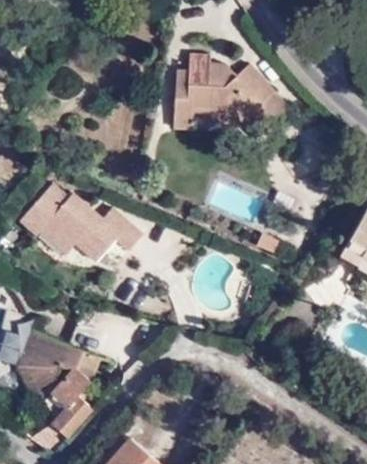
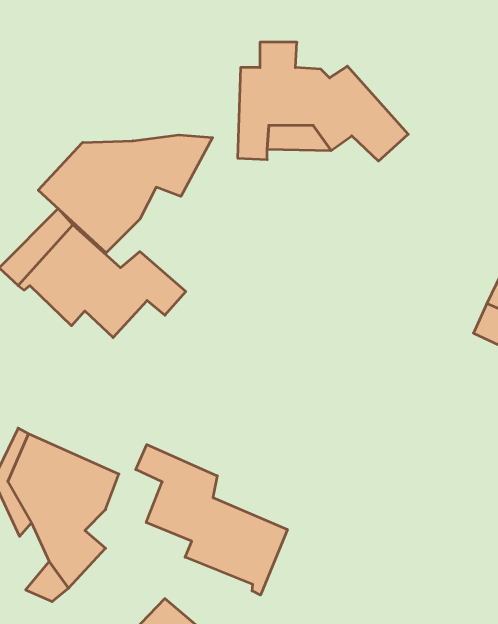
building: none -> [38,135,213,253]
building: none -> [136,445,287,595]

